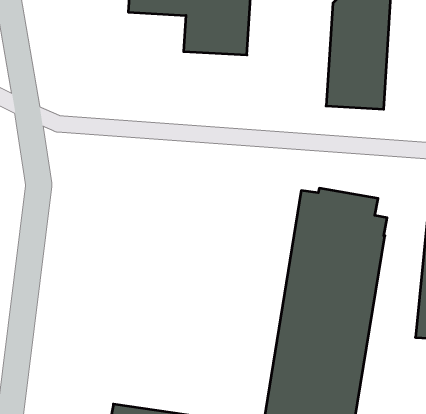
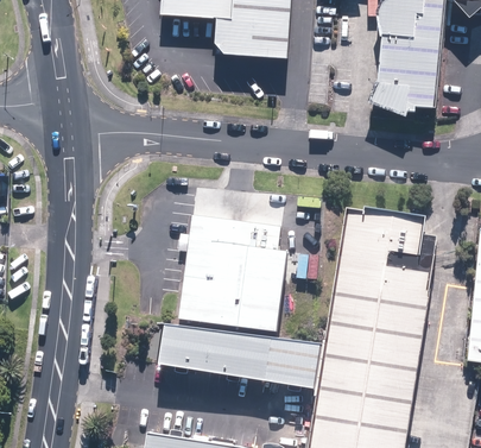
building: none -> [175,215,283,332]
building: none -> [153,322,317,389]

